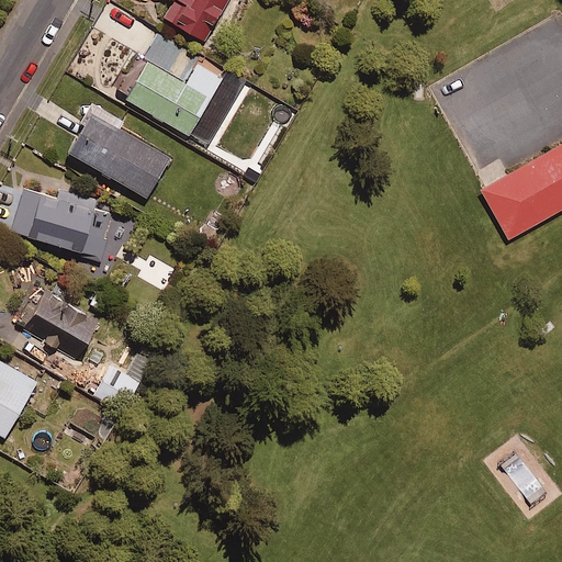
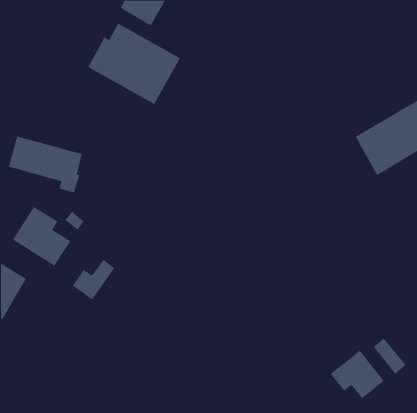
building: [68,100,170,198] -> none
building: none -> [330,350,385,399]

